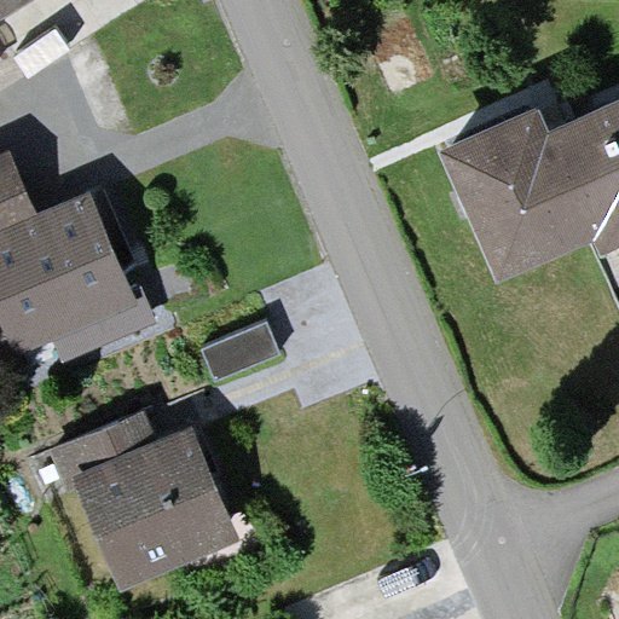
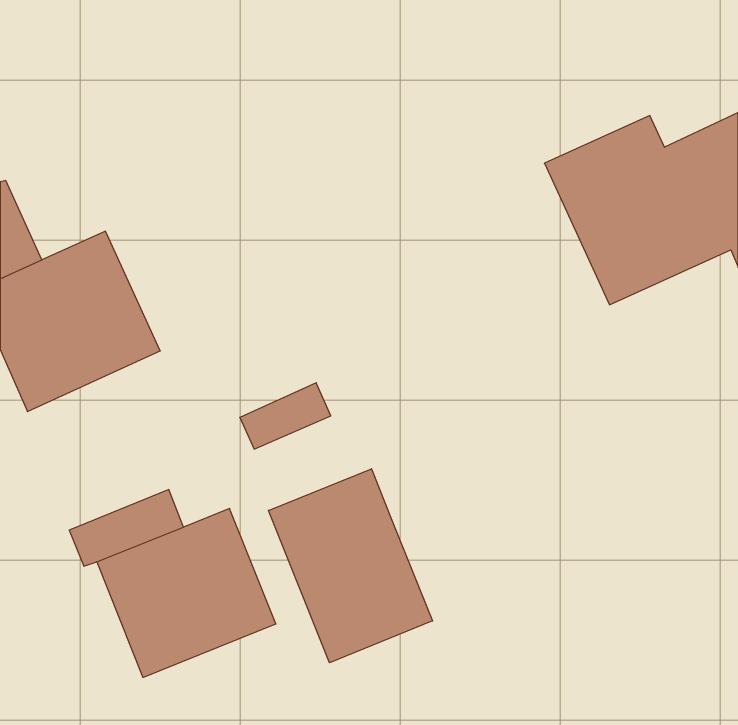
building: none -> [268,469,433,663]

